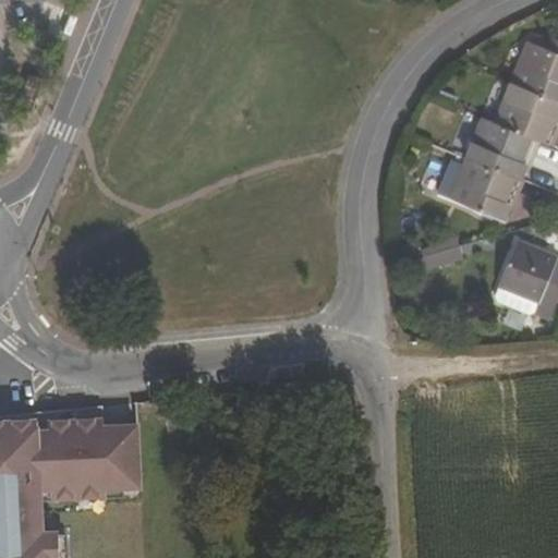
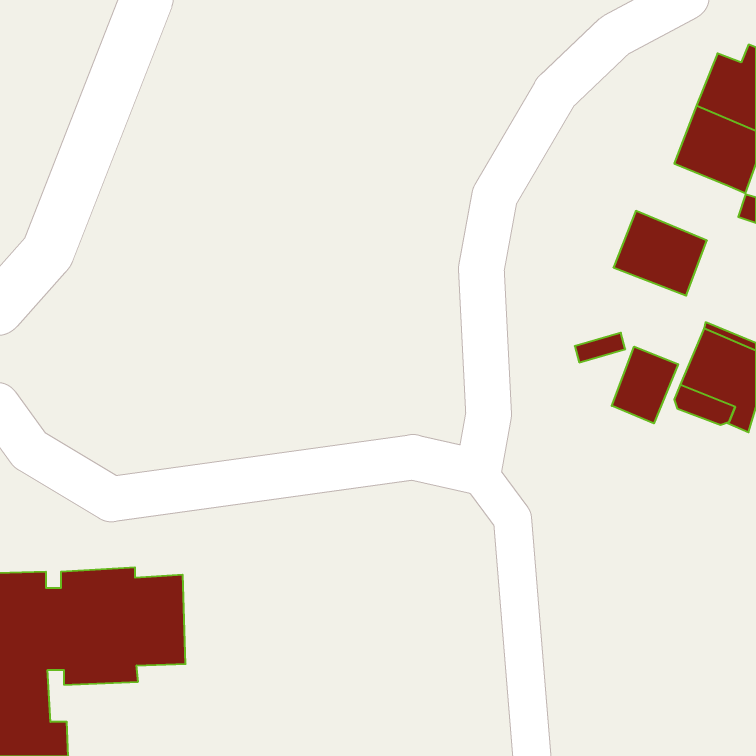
building: [466,114,534,177] -> none
building: none -> [612,347,678,423]

